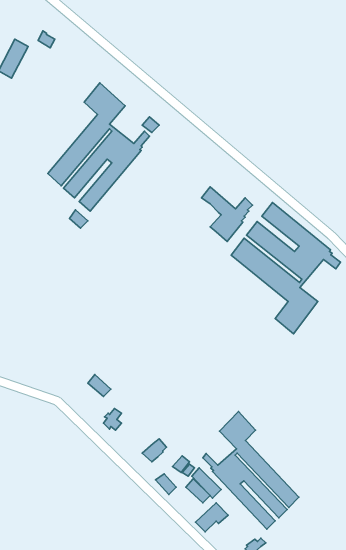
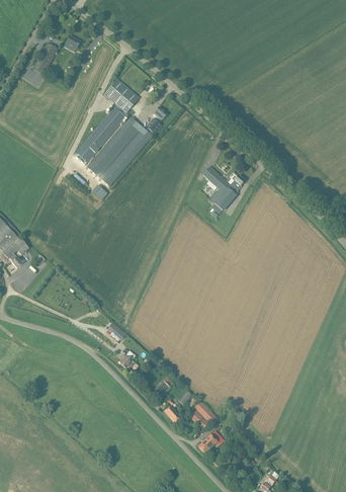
building: [231,203,341,334] -> none
building: [203,412,299,529] -> none

